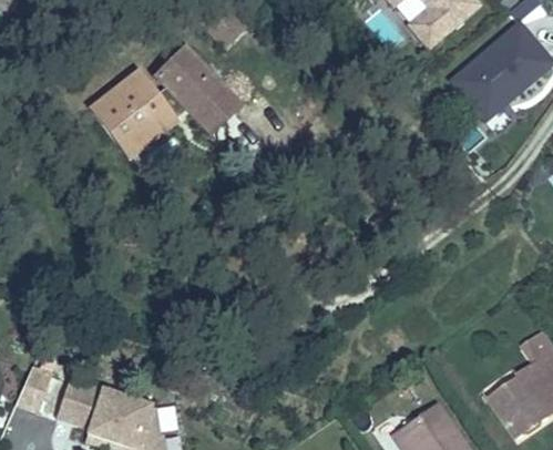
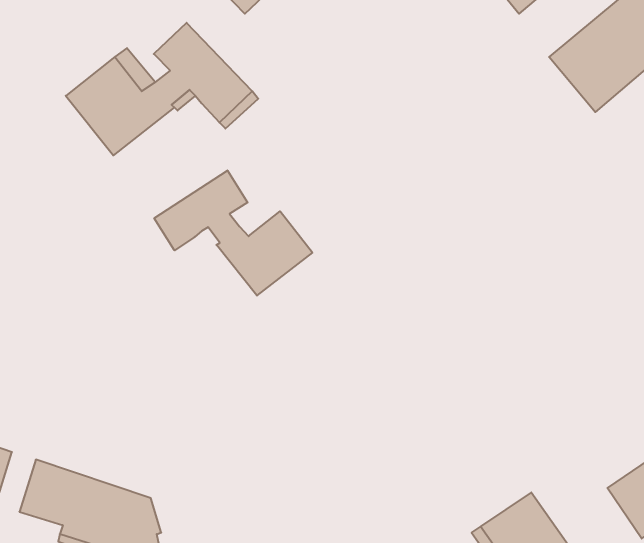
building: none -> [154,170,312,296]

